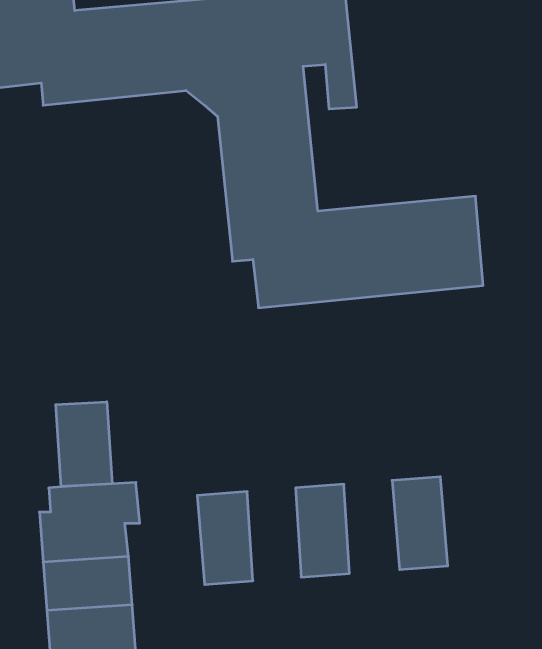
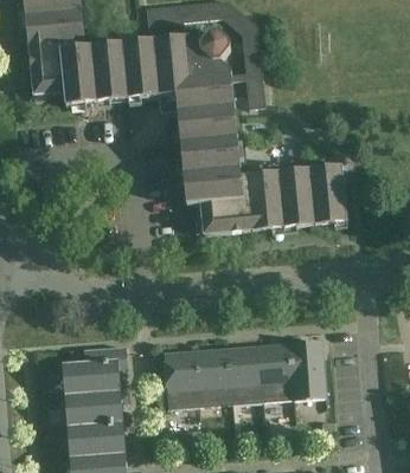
building: [56,402,112,487] -> none
building: none -> [258,344,294,403]
building: none -> [197,349,231,408]

